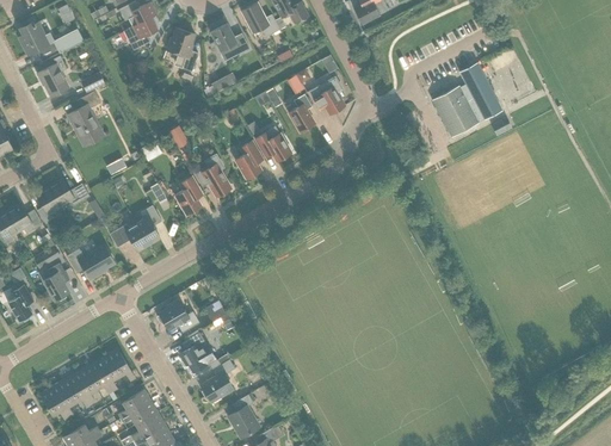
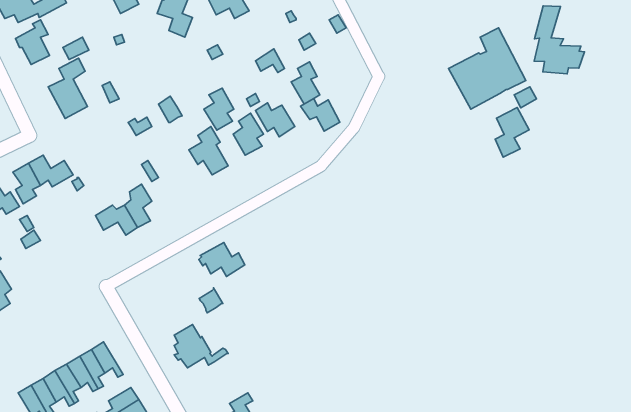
building: none -> [534,6,584,74]
building: [308,85,344,114] -> [301,98,340,131]
building: none -> [495,107,529,157]
building: [174,176,202,215] -> [204,88,234,130]
building: [66,244,115,280] -> none
building: [43,264,69,301] -> none
building: [156,302,198,333] -> [199,242,245,276]
building: [200,359,234,402] -> none

